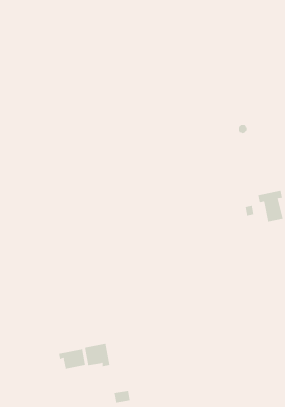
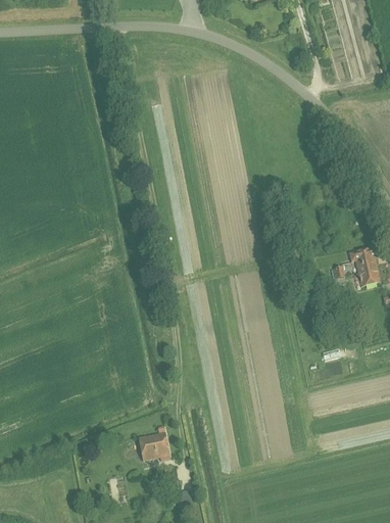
building: [59,349,86,370] -> none

